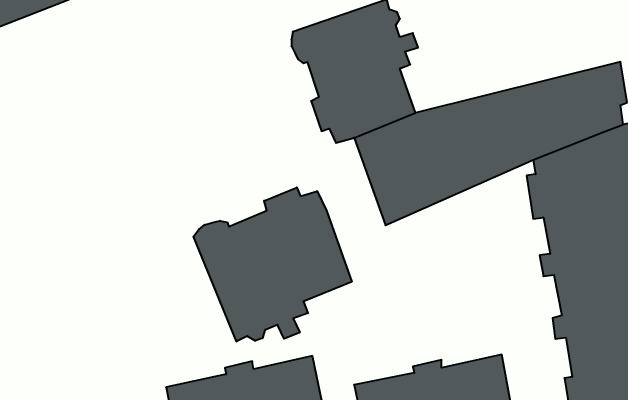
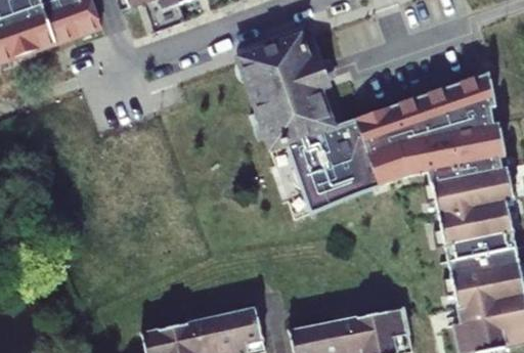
building: [193,187,352,342] -> none

